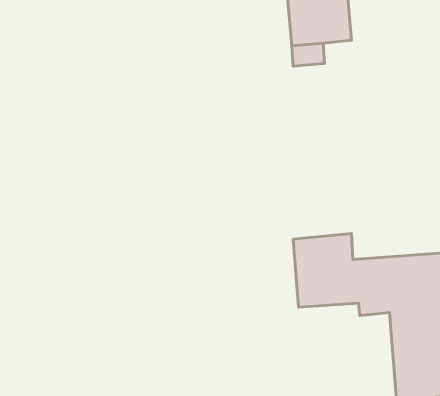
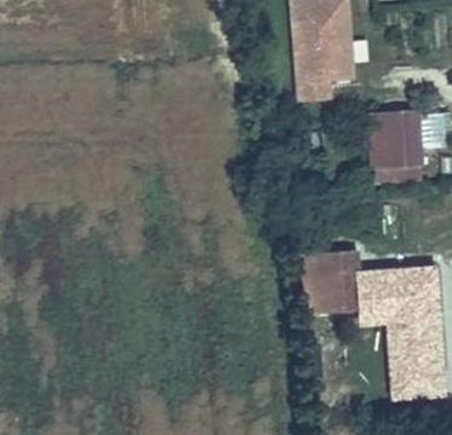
building: none -> [365,103,417,165]

